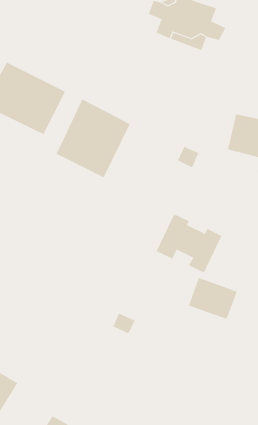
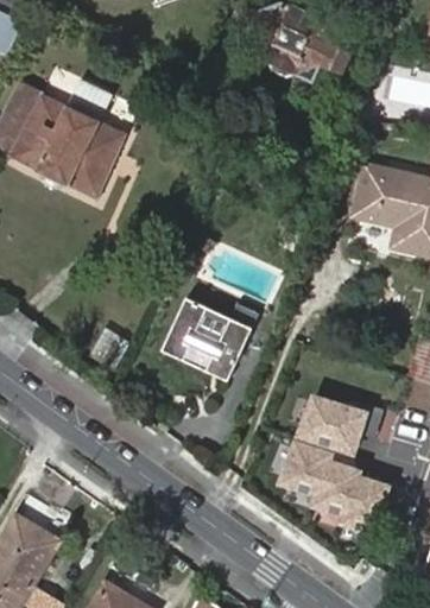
building: [56,98,131,178] -> none
building: [156,214,222,273] -> [157,298,249,381]
building: none -> [279,441,388,534]

